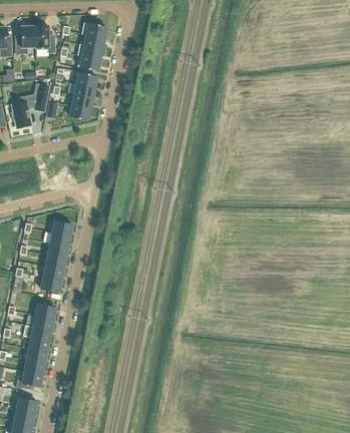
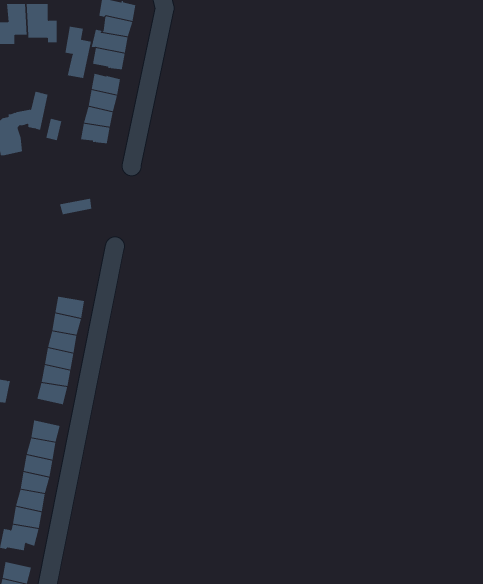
building: none -> [65,26,92,79]

